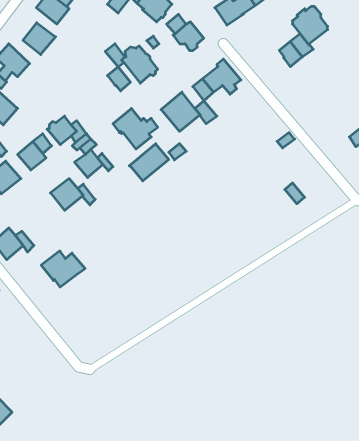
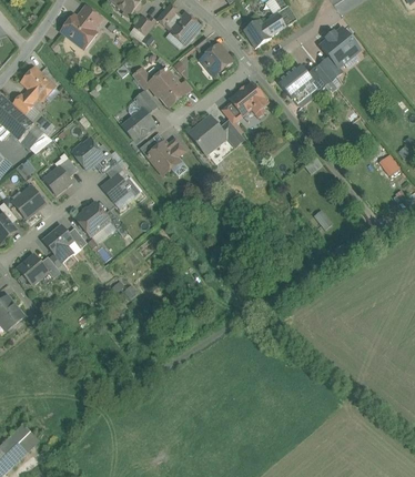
building: [23,23,56,55] -> none
building: none -> [279,63,313,103]
building: none -> [122,109,154,140]
building: [129,144,169,181] -> none
building: [41,251,85,287] -> [43,225,88,262]

